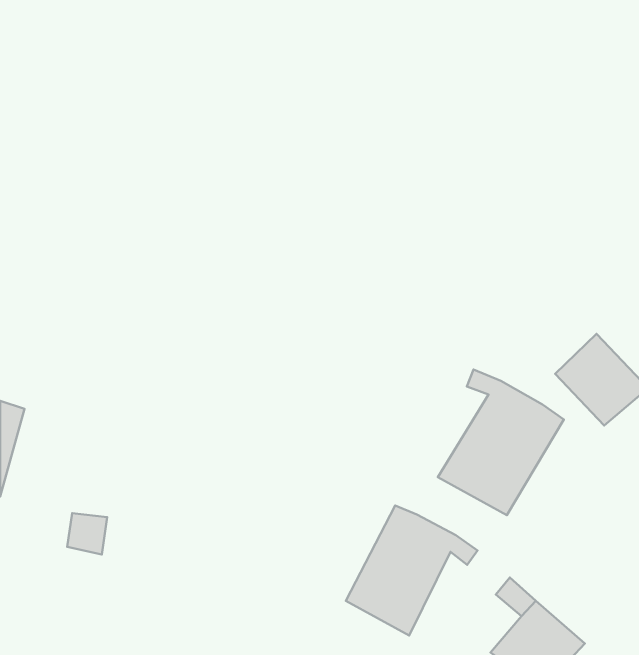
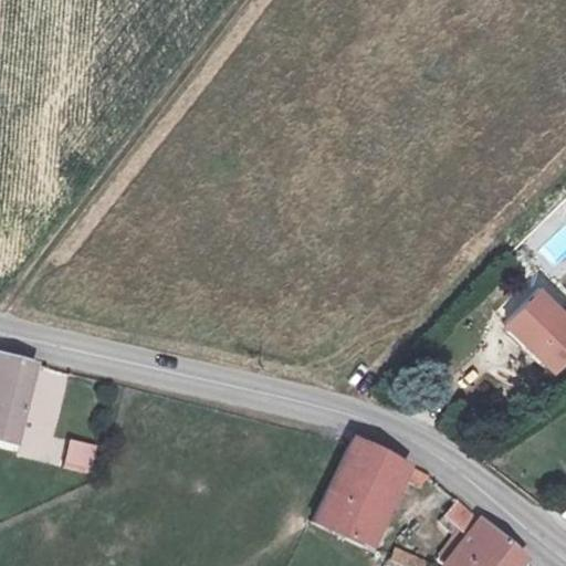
building: [438,369,564,515] -> none

